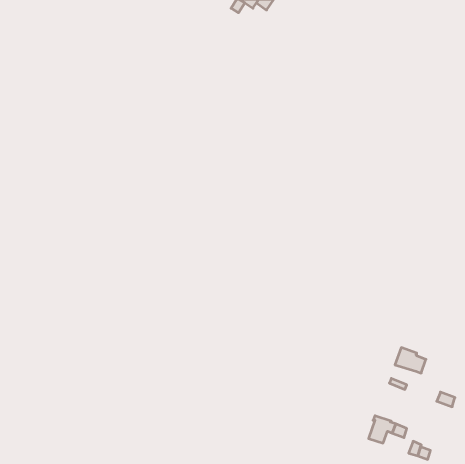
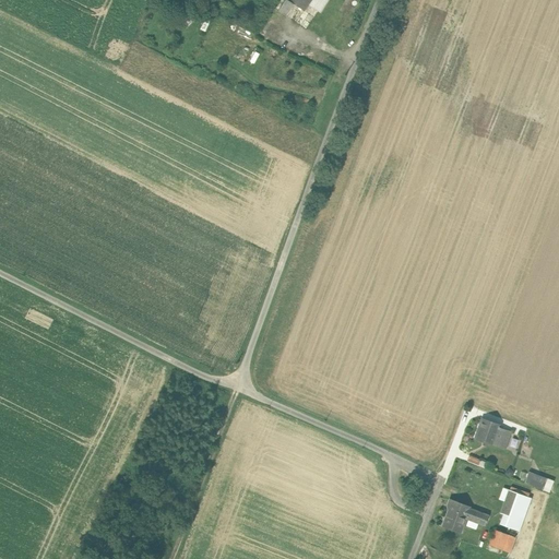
building: none -> [501,489,530,530]

